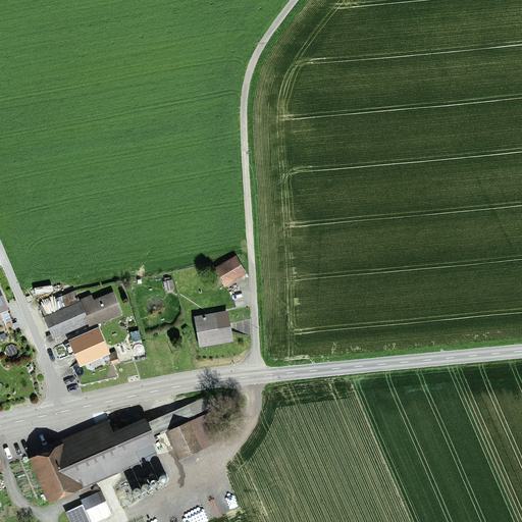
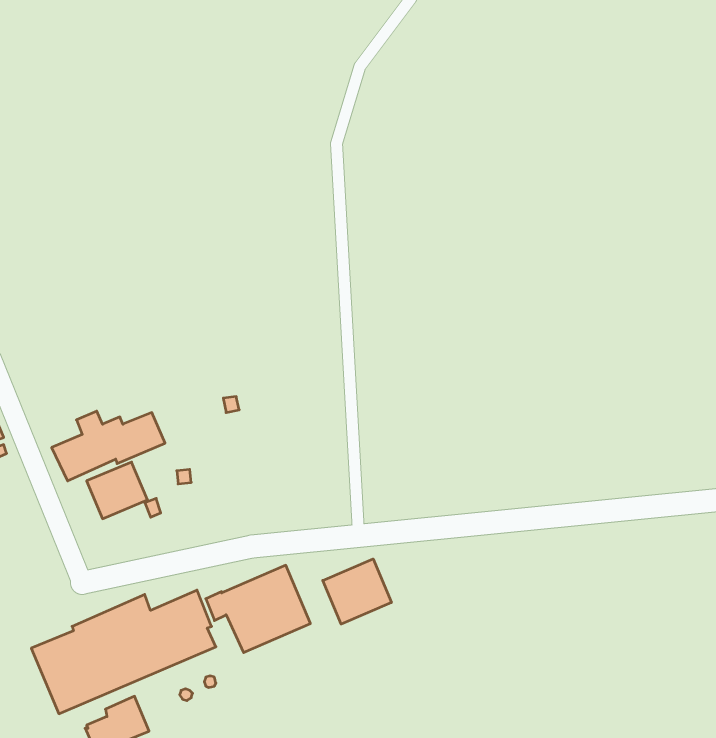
building: [213,256,246,286] -> none
building: [193,311,232,348] -> none
building: none -> [323,559,391,624]

